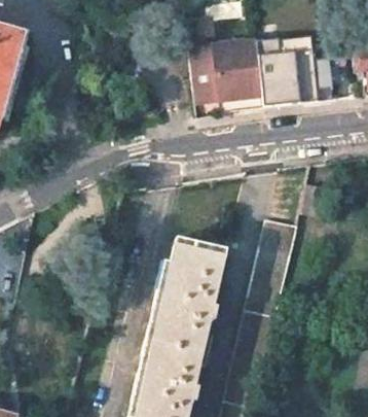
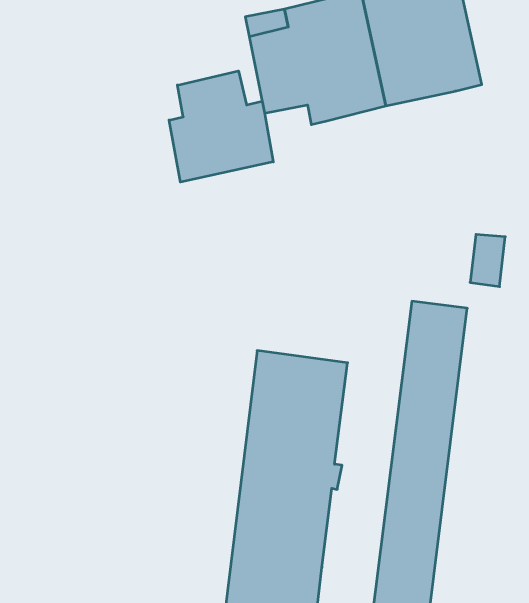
building: none -> [169,71,273,182]

